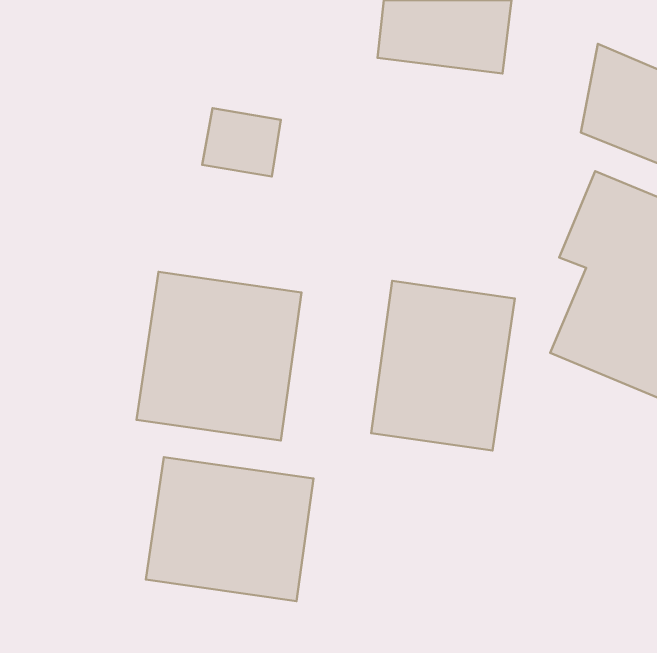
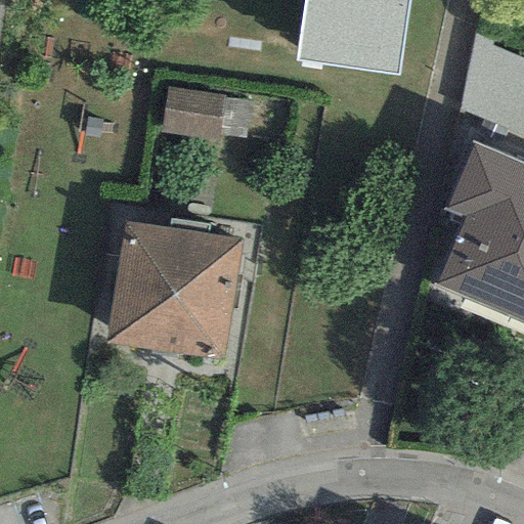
building: [371,281,515,450] -> none
building: [146,457,313,601] -> none

